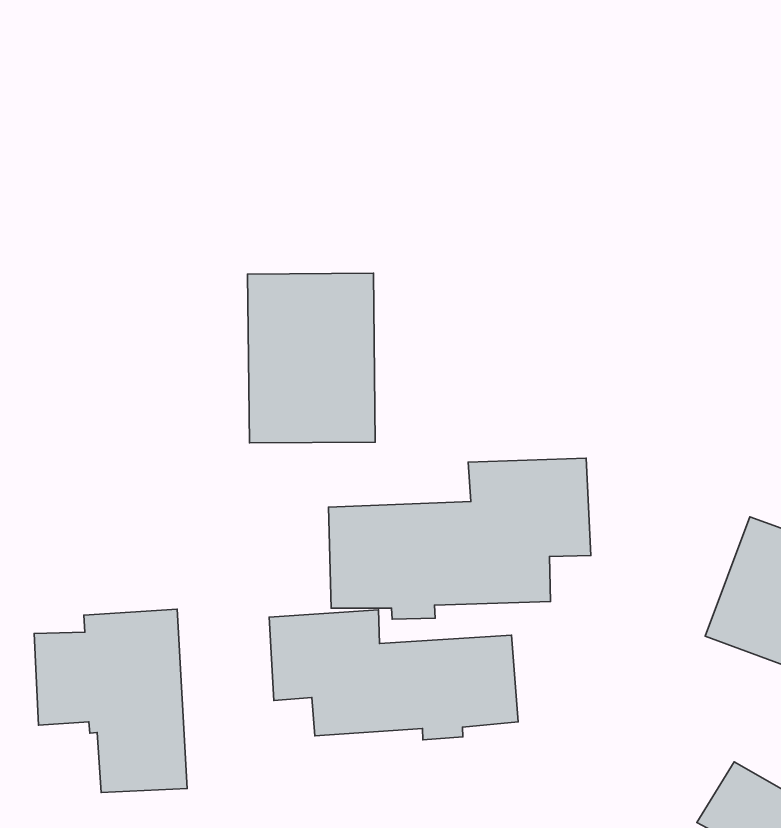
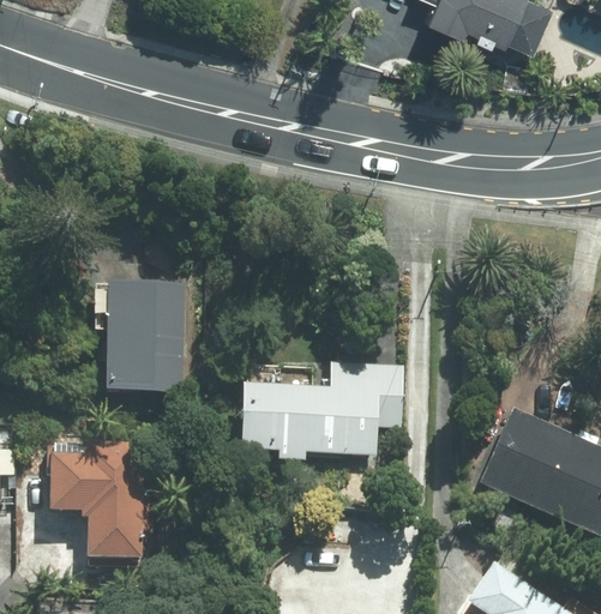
building: [248,273,375,443] -> [103,281,190,393]
building: [269,610,518,740] -> none

